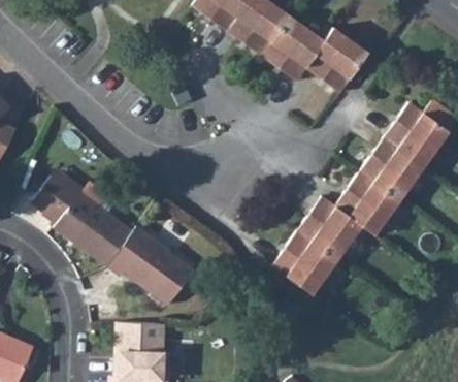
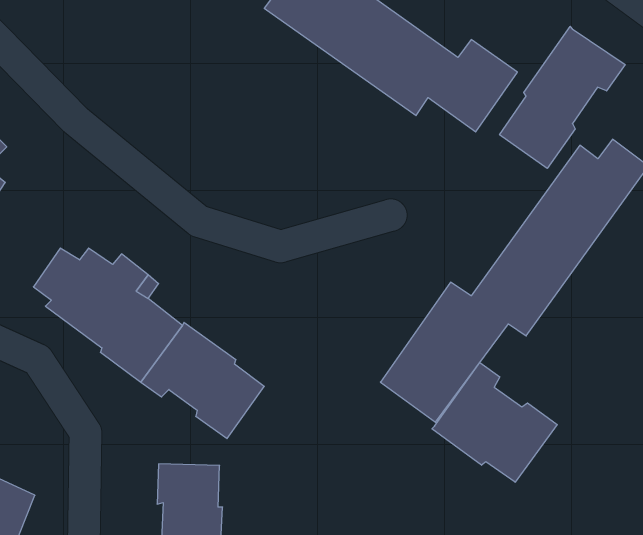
building: none -> [500,26,625,168]
building: none -> [432,362,557,482]

